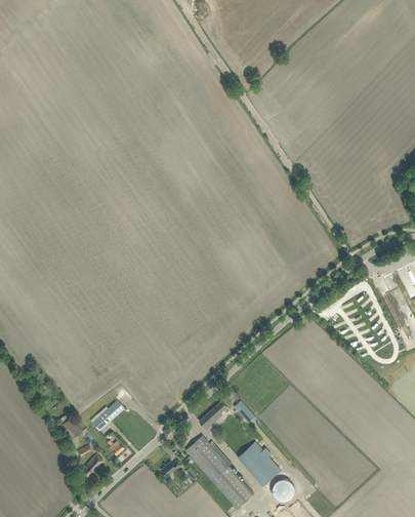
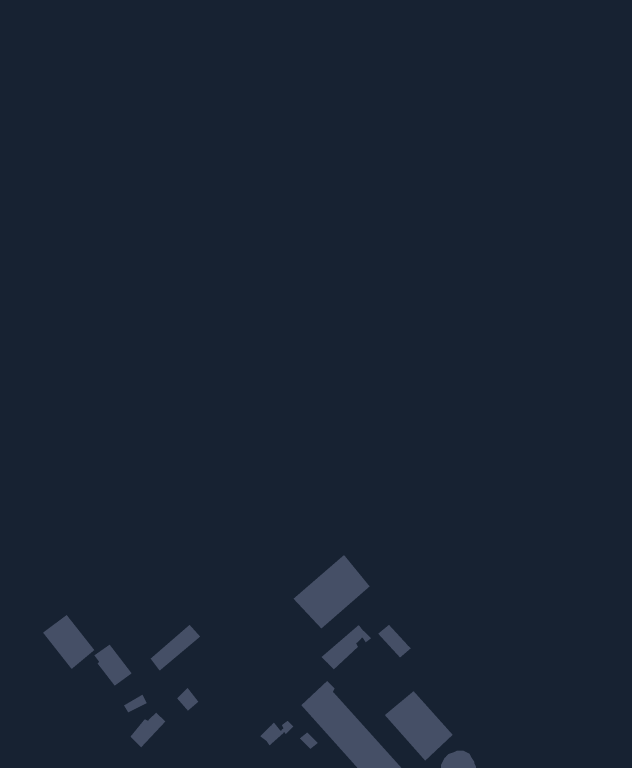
building: none -> [293,554,371,630]
building: none -> [42,614,95,670]

